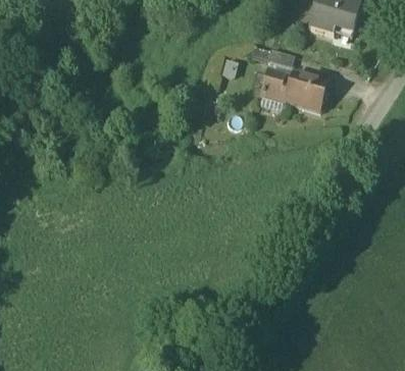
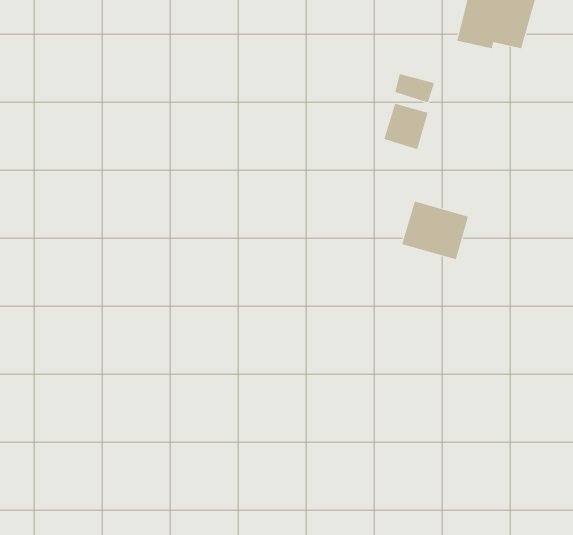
building: [283,71,326,110] -> [402,201,469,260]

